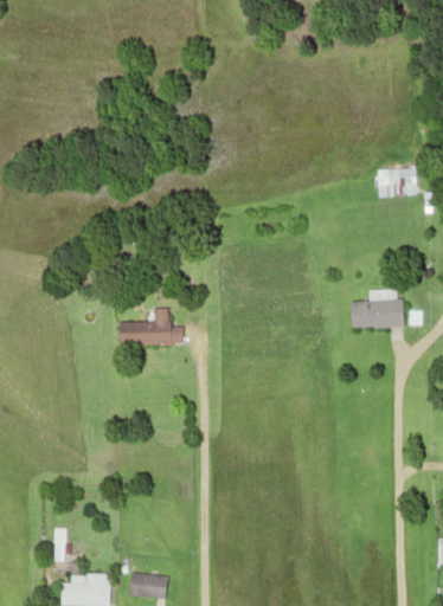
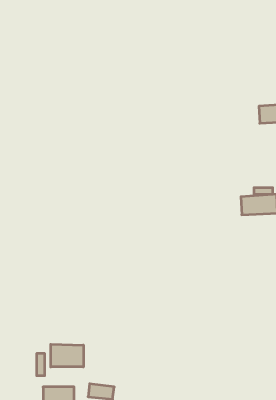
building: [118,321,181,343] -> none
building: none -> [51,344,83,367]

